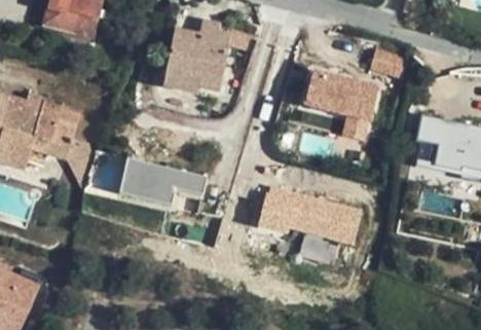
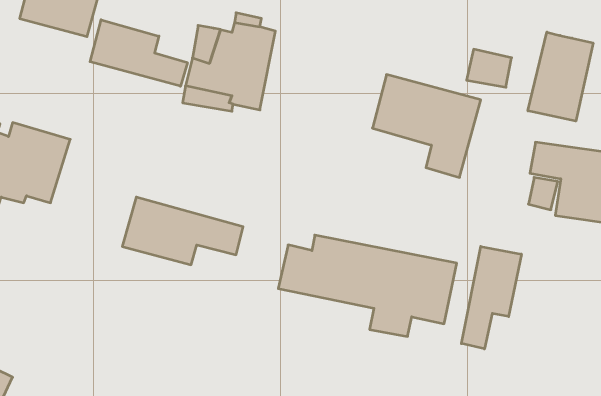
building: none -> [90,20,187,86]
building: none -> [528,32,593,121]
building: none -> [461,246,521,349]

